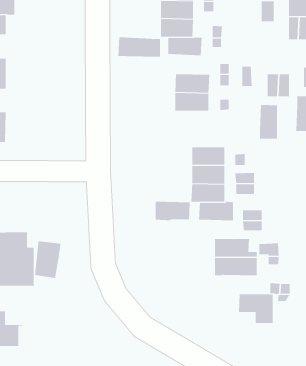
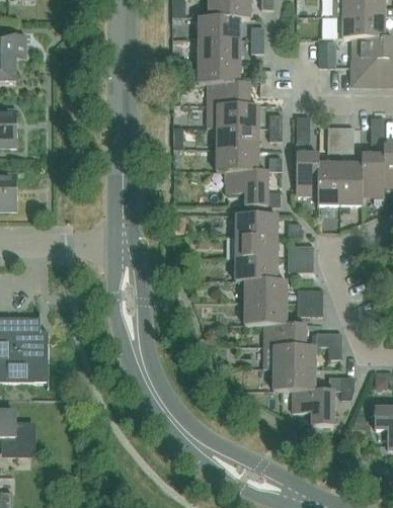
building: [117,37,161,57] -> [207,104,258,129]
building: none -> [296,155,319,195]
building: none -> [339,165,362,205]
building: none -> [226,172,280,206]
building: [155,201,191,221] -> [244,302,287,325]
building: [35,241,61,279] -> none
building: none -> [272,367,315,391]

